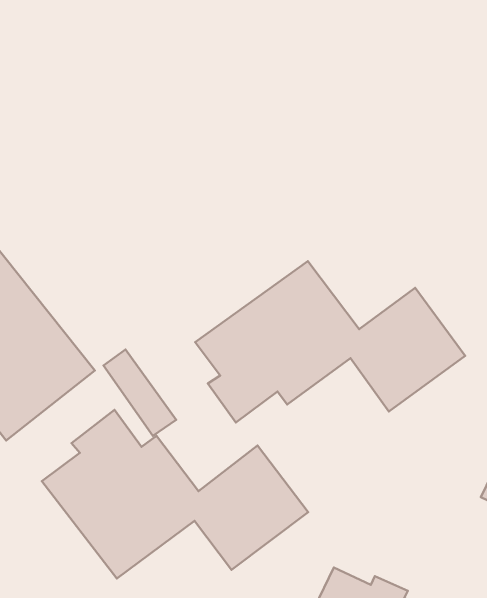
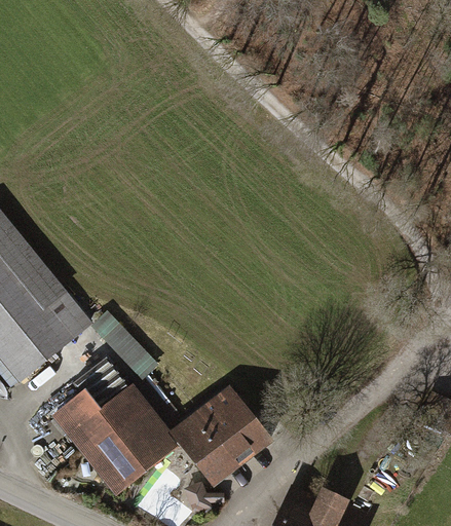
building: [195,261,465,422] -> none

